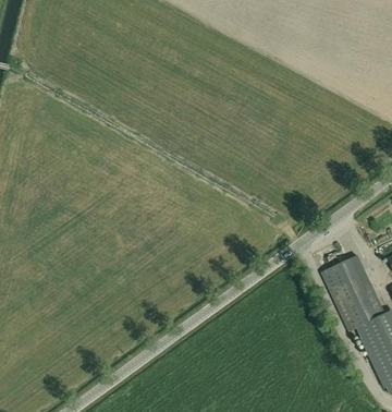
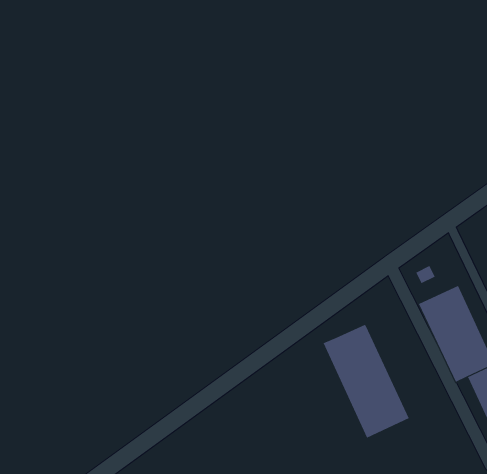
building: none -> [323,324,410,439]

